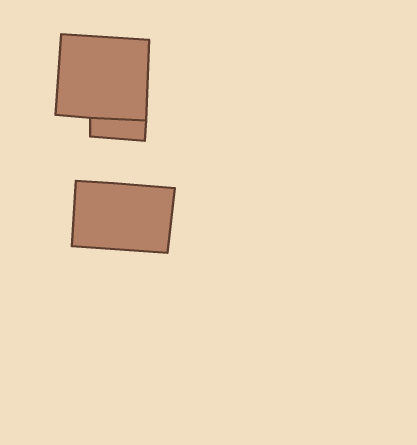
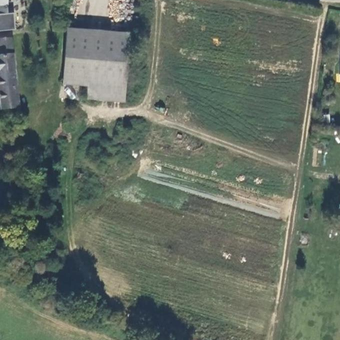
building: [72,181,175,253] -> none

